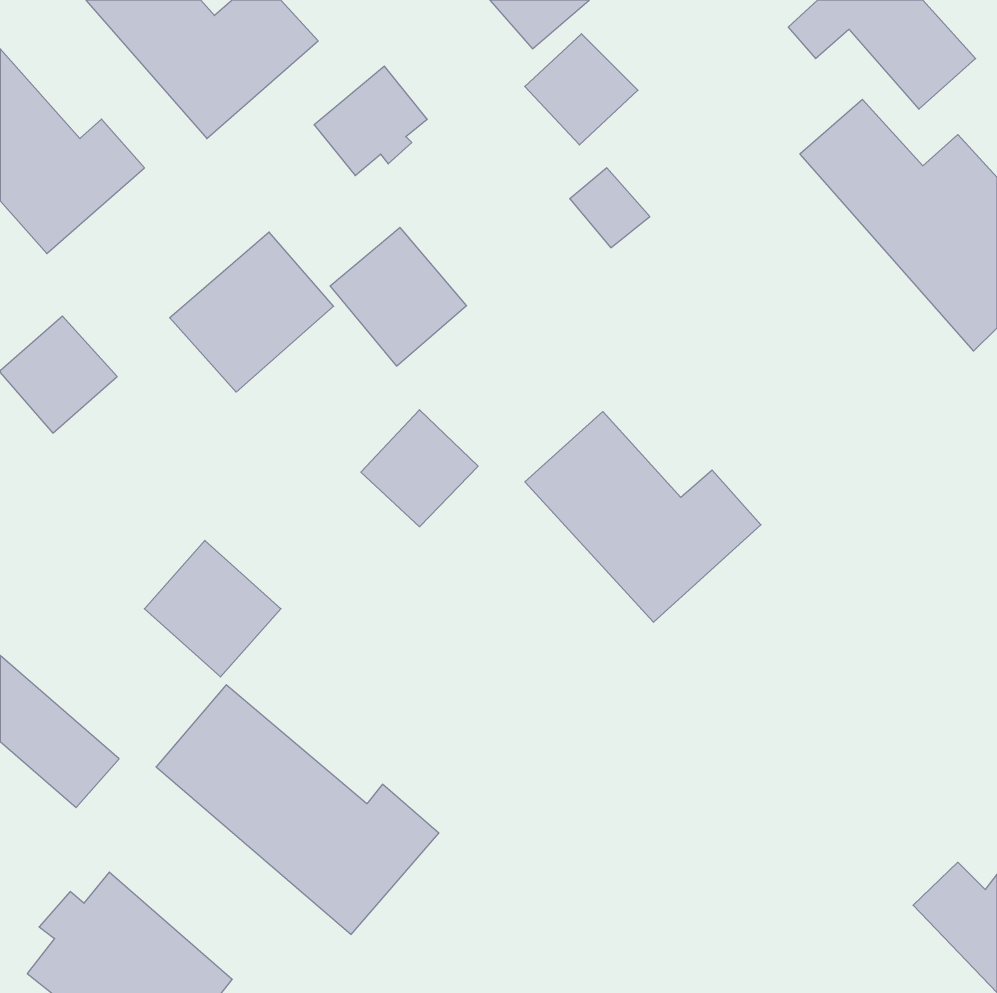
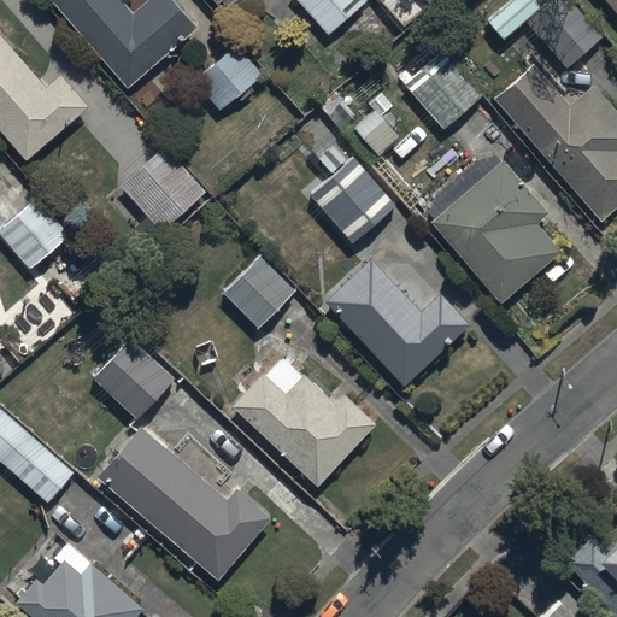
building: [525,34,638,145] -> [411,59,481,128]
building: [330,228,467,366] -> [312,158,396,243]
building: none -> [431,159,562,302]
building: none -> [231,358,376,486]

